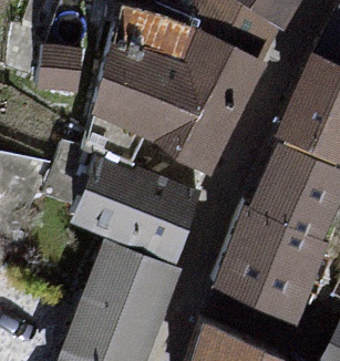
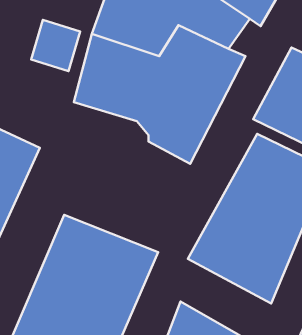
building: [70,156,204,267] -> none

